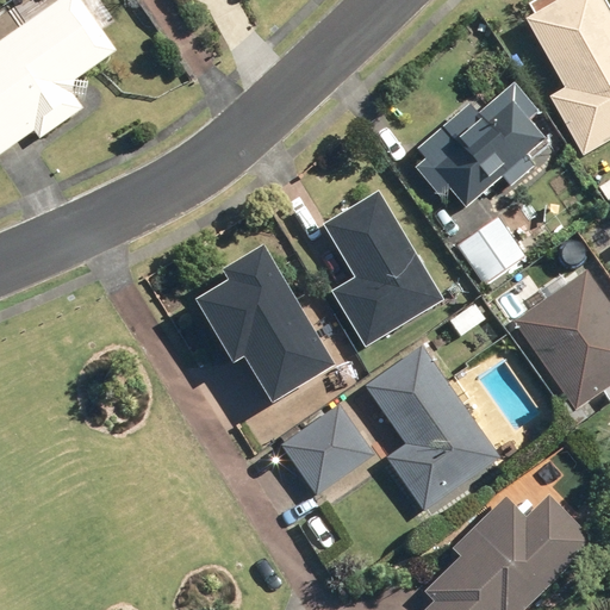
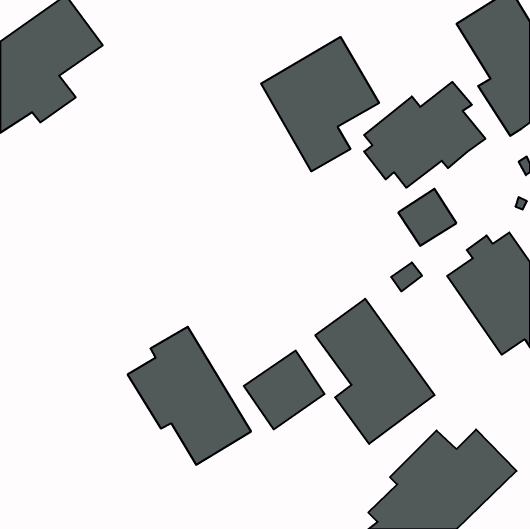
building: none -> [261,37,379,171]
building: [323,188,443,344] -> none
building: [191,241,332,399] -> [128,327,251,465]

